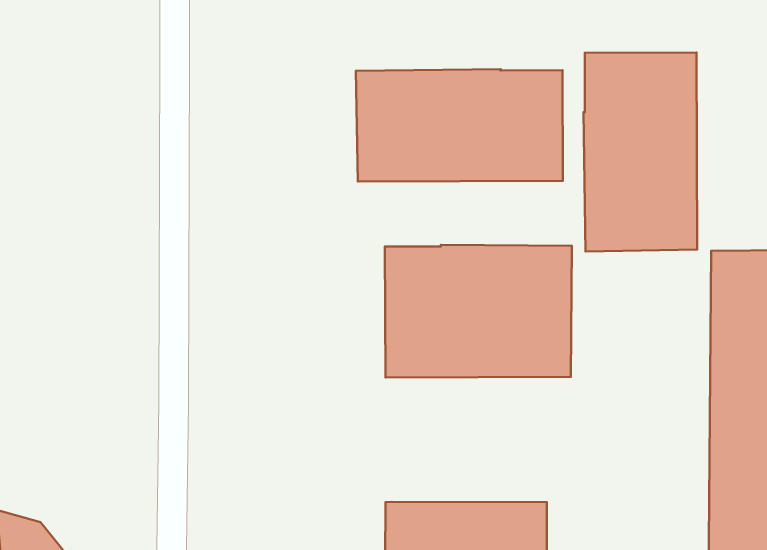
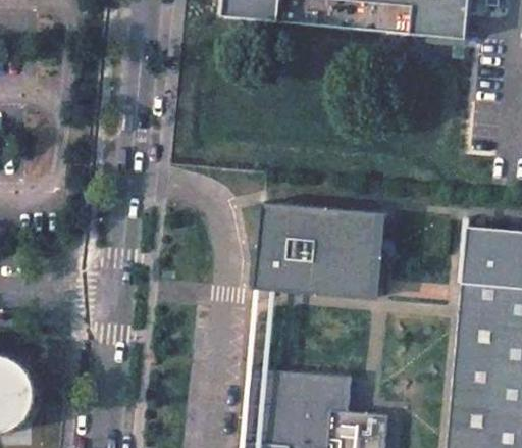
building: [584,53,697,251] -> none
building: [356,69,563,181] -> none

